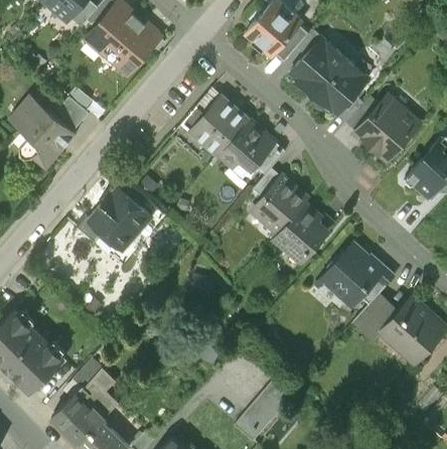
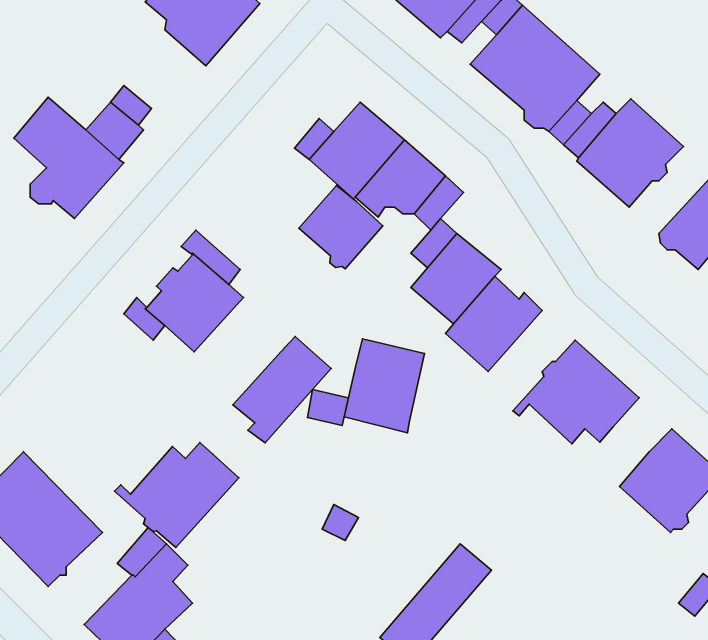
building: none -> [299,185,383,269]
building: none -> [233,336,331,443]
building: none -> [344,339,425,433]
building: [351,297,399,342] -> none
building: none -> [114,442,239,548]

